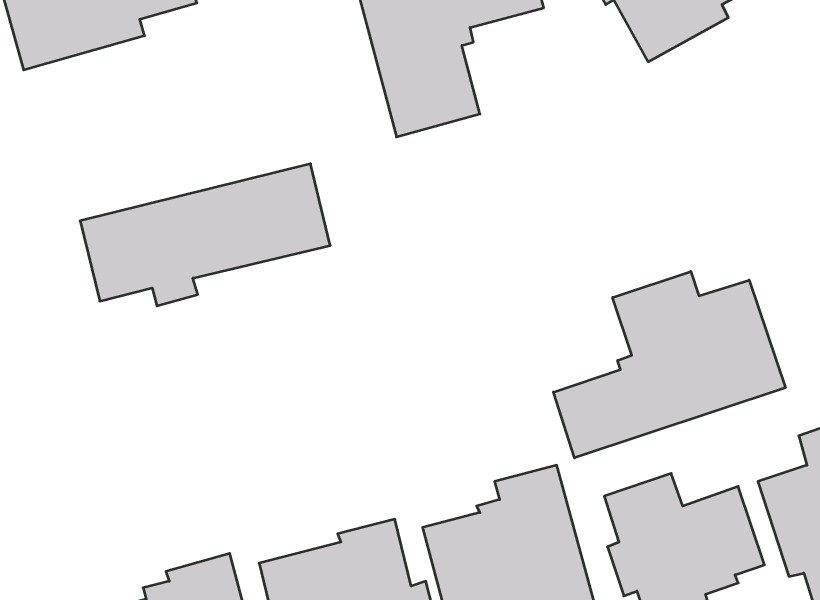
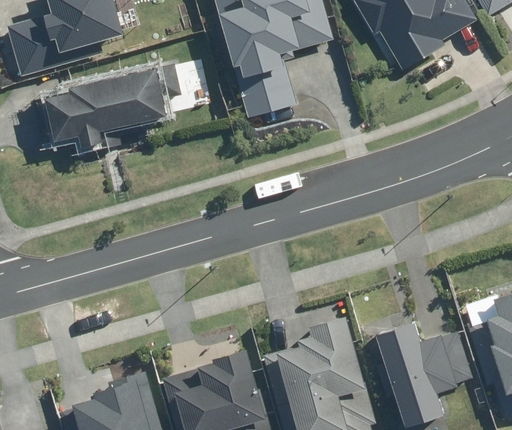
building: [80,164,330,306] -> [34,61,187,148]
building: [553,271,785,458] -> none

